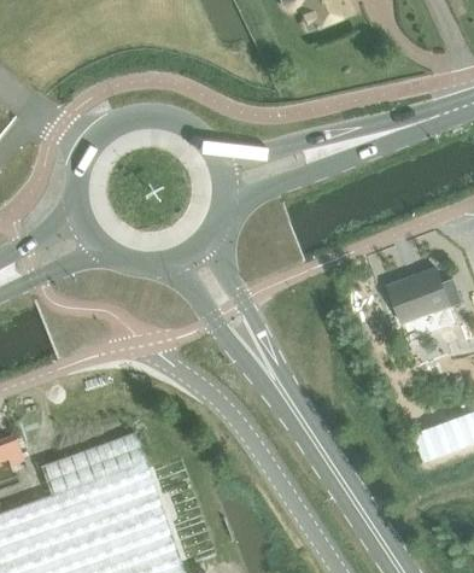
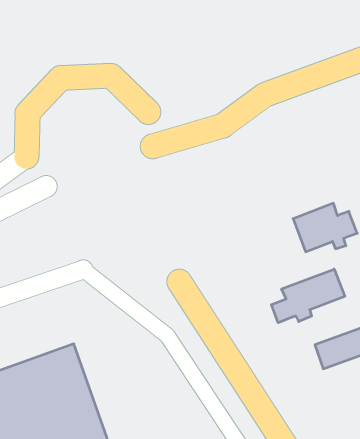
building: none -> [271,269,345,323]

